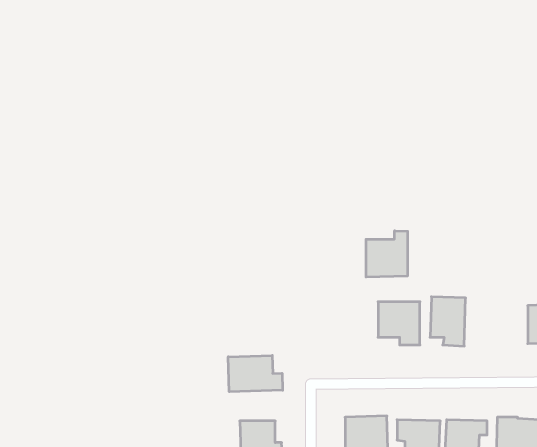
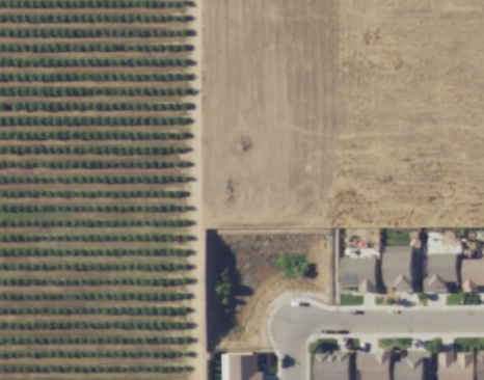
building: [366,231,408,277] -> none
building: none -> [424,252,458,293]
building: [228,355,283,392] -> none

